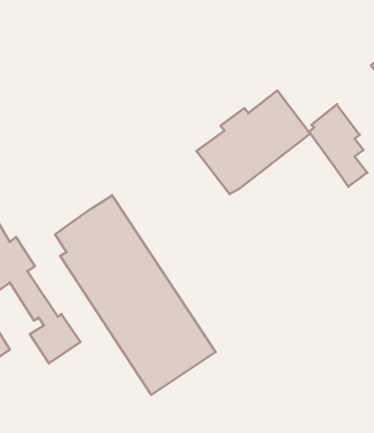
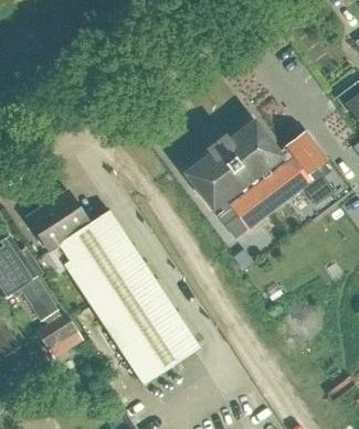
building: none -> [220,155,304,226]
building: none -> [27,189,91,250]

